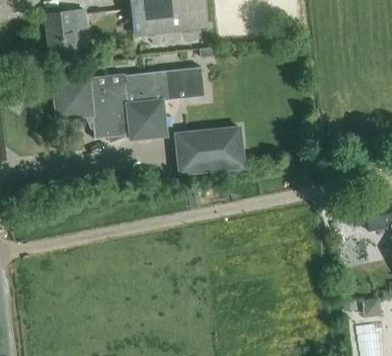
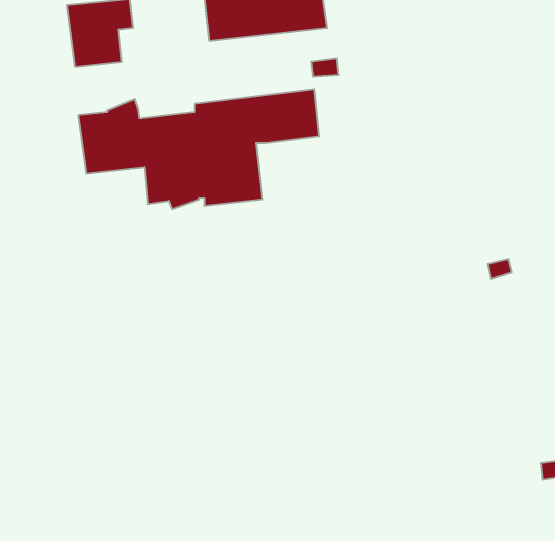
building: [175,126,244,174] -> none

